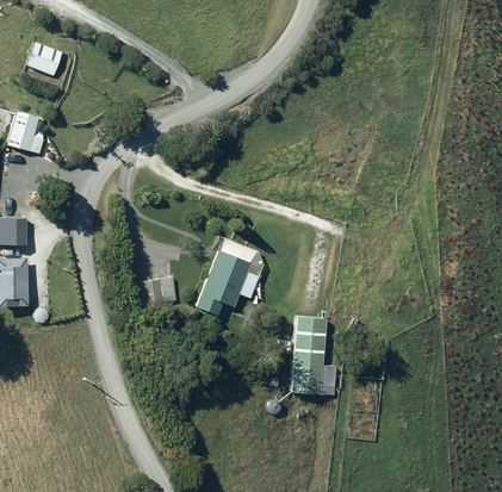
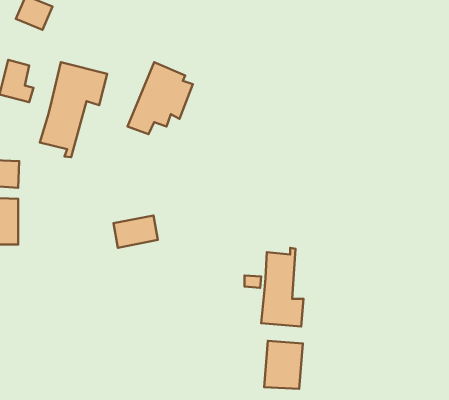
building: none -> [40,62,107,157]
building: [194,237,265,314] -> [127,62,193,134]
building: none -> [264,341,303,389]

